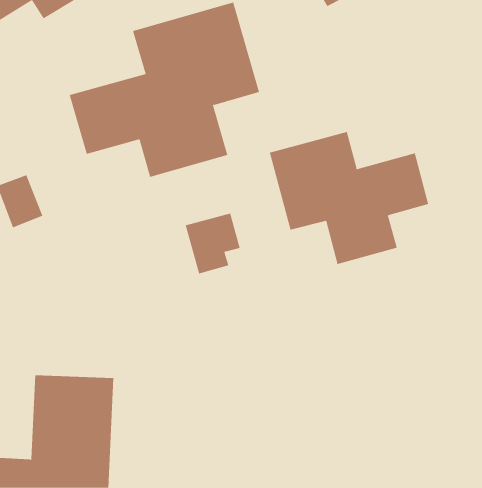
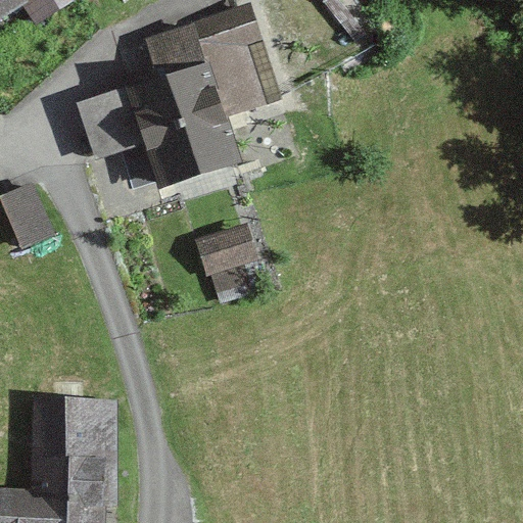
building: [269,131,429,265] -> none

